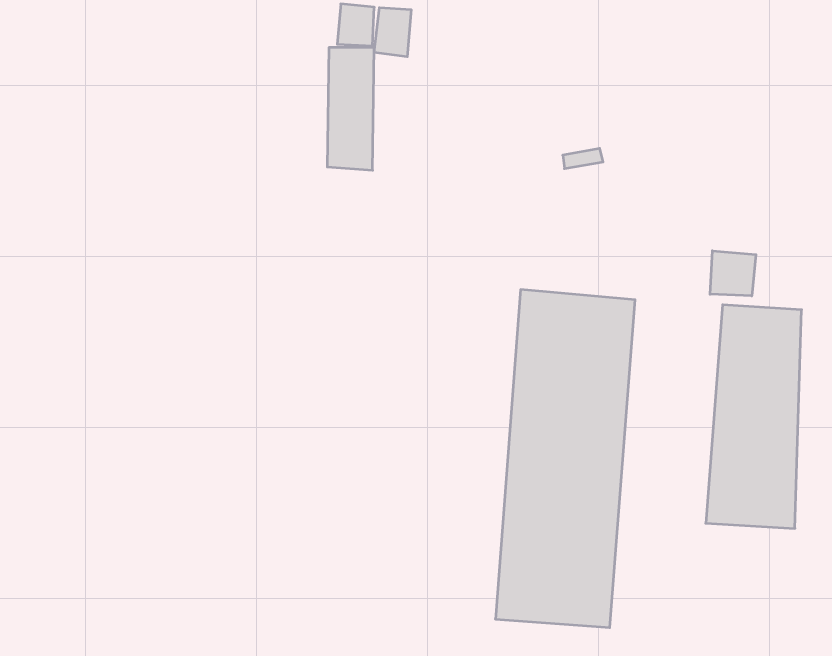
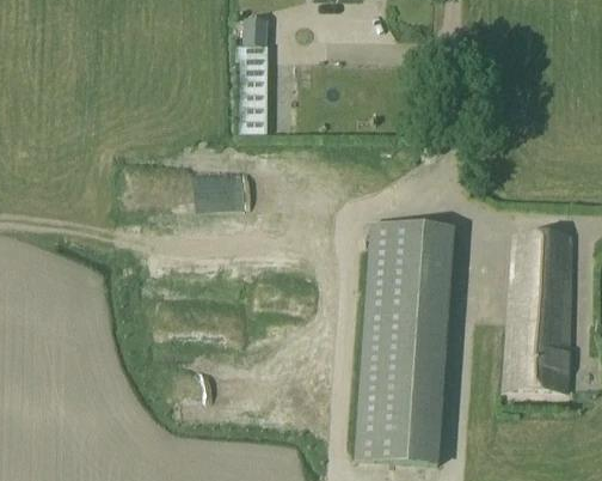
building: [374,8,411,57] -> none
building: [710,251,756,296] -> none

